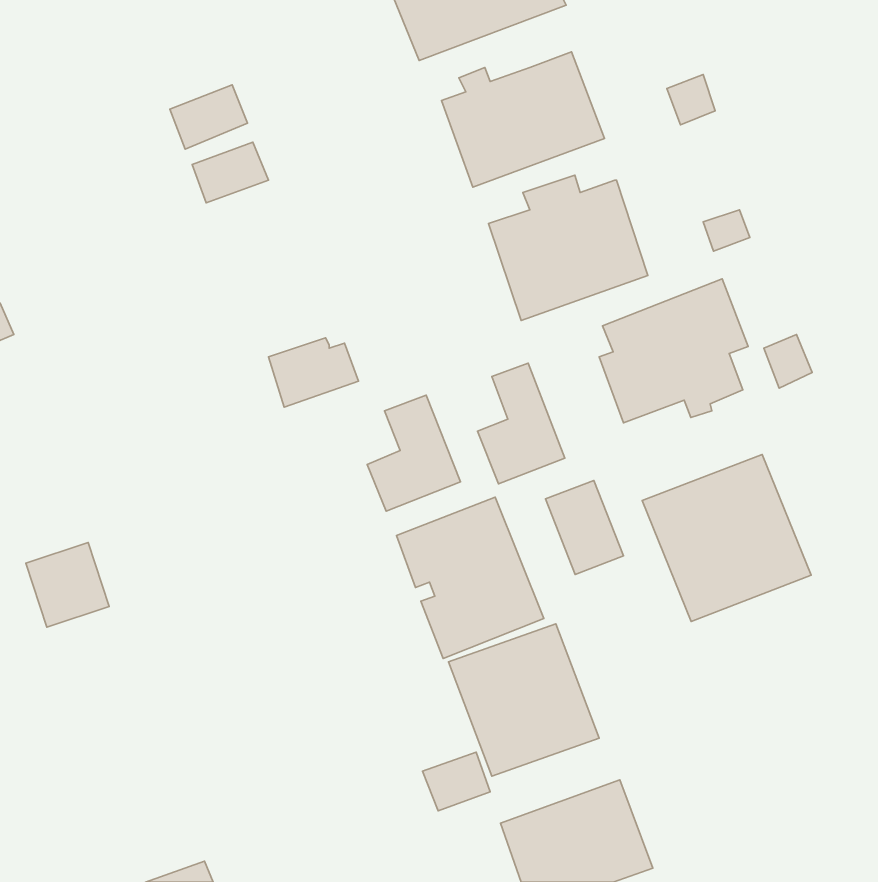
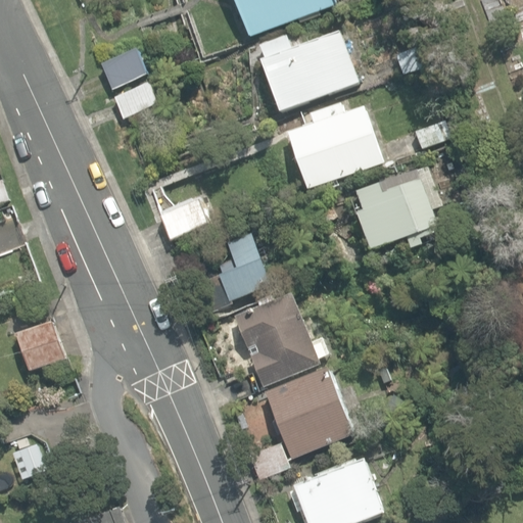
building: [478,363,565,484] -> none
building: [642,454,811,621] -> none
building: [545,480,624,574] -> none

